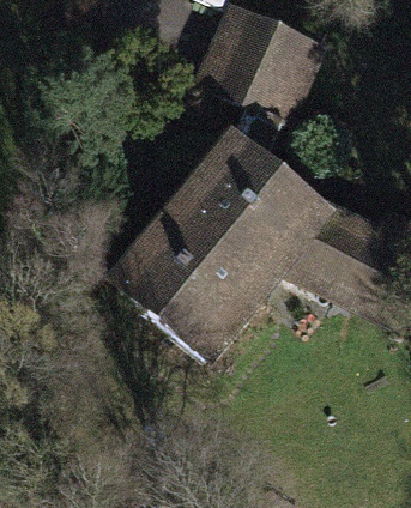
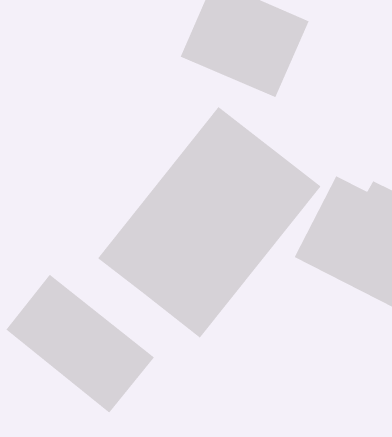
building: none -> [5,274,155,413]

